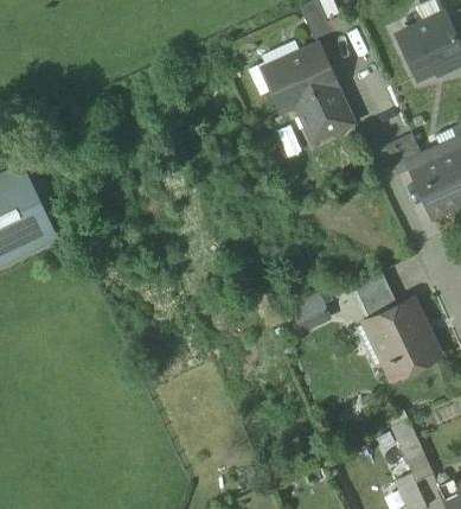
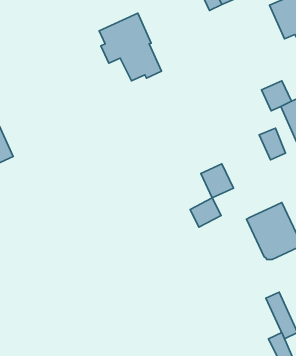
building: [268,45,352,136] -> [99,13,162,81]
building: none -> [259,128,285,160]
building: [354,273,398,319] -> [201,164,233,198]

